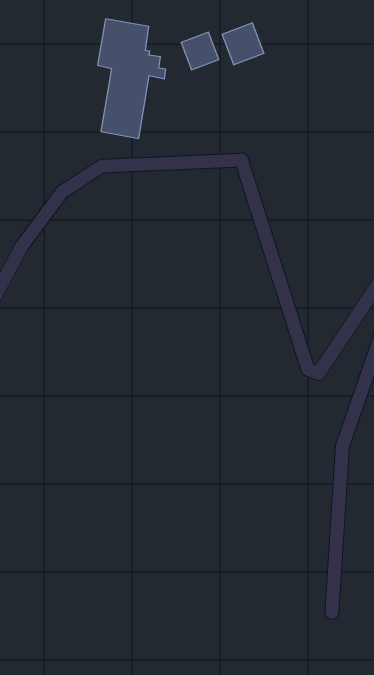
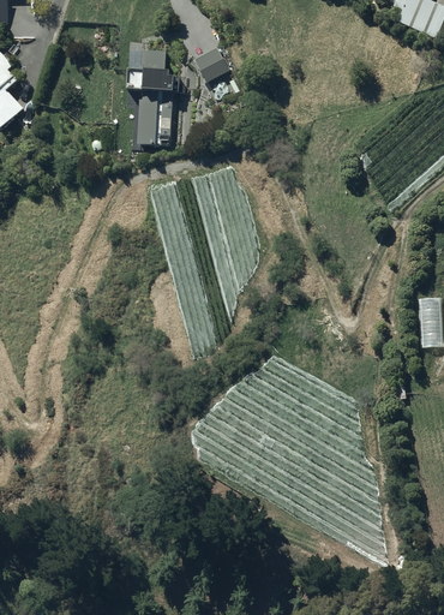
building: [222,23,264,65] -> none

